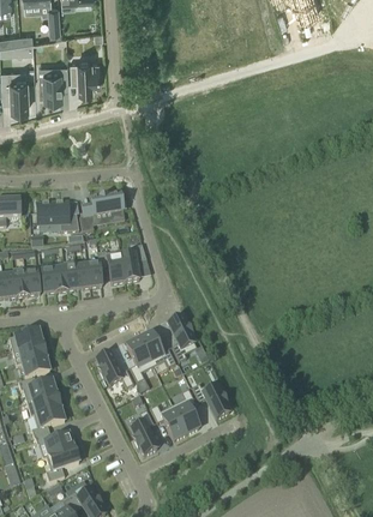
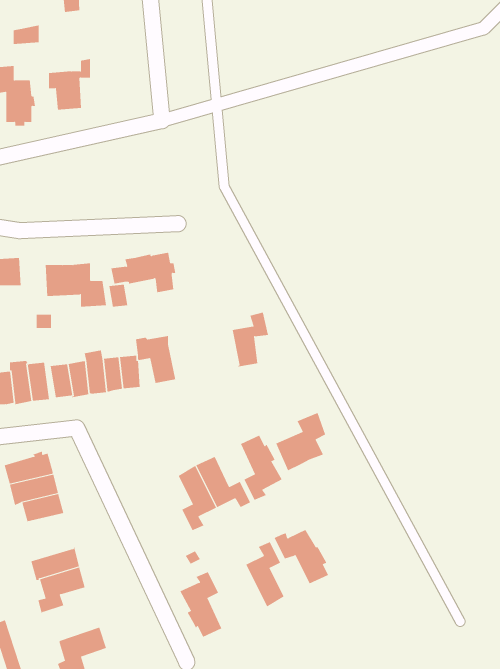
building: [71,60,102,89] -> none
building: [121,245,146,282] -> [232,312,269,367]
building: none -> [276,412,326,471]
building: [97,354,134,389] -> none
building: [19,378,56,403] -> none
building: [150,405,187,440] -> none
building: [36,433,74,459] -> none

